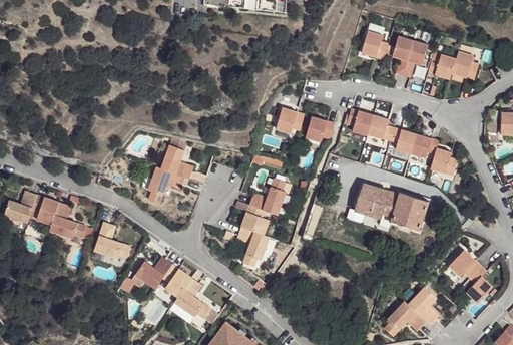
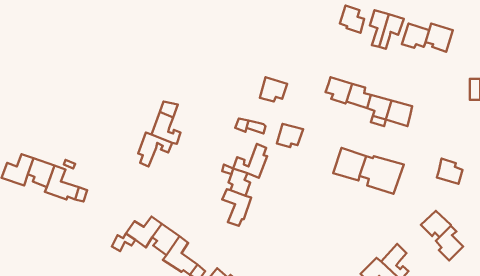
building: [307,117,335,142] -> [277,124,303,147]
building: [432,147,459,175] -> [437,159,462,184]
building: [93,223,130,259] -> none

